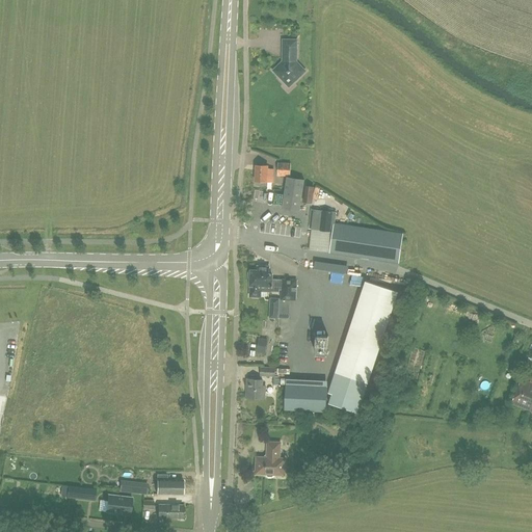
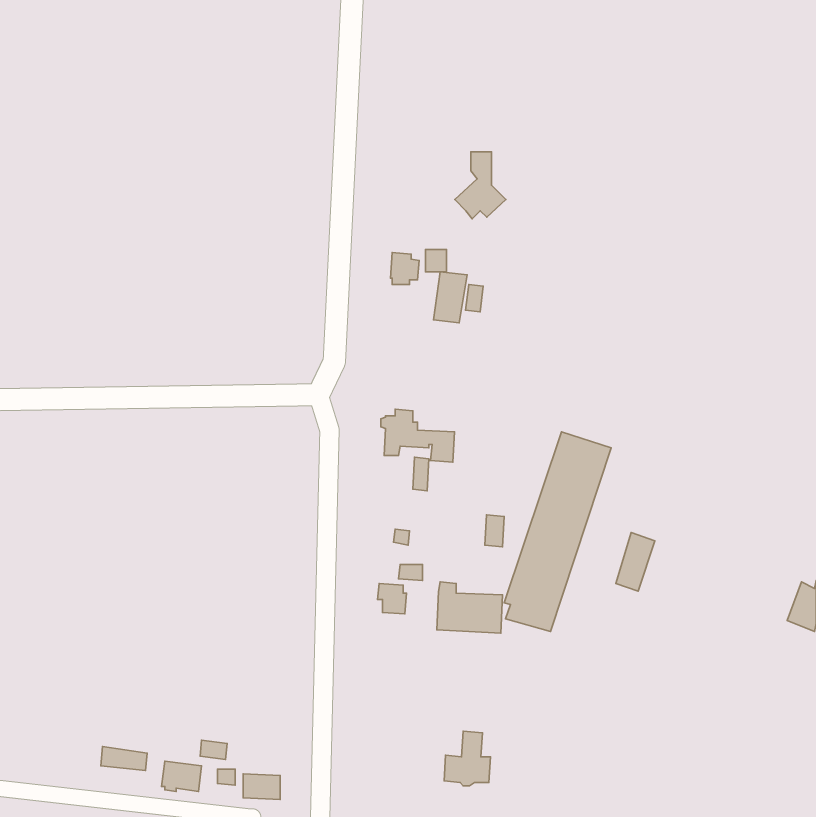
building: [271,38,304,82] -> [455,152,506,219]
building: [311,209,402,263] -> none
building: none -> [616,533,655,591]
building: [255,442,285,477] -> [444,731,490,786]
building: [156,475,183,494] -> none

